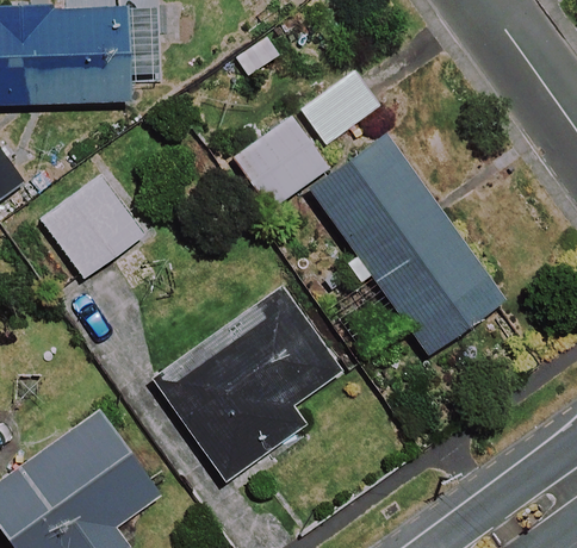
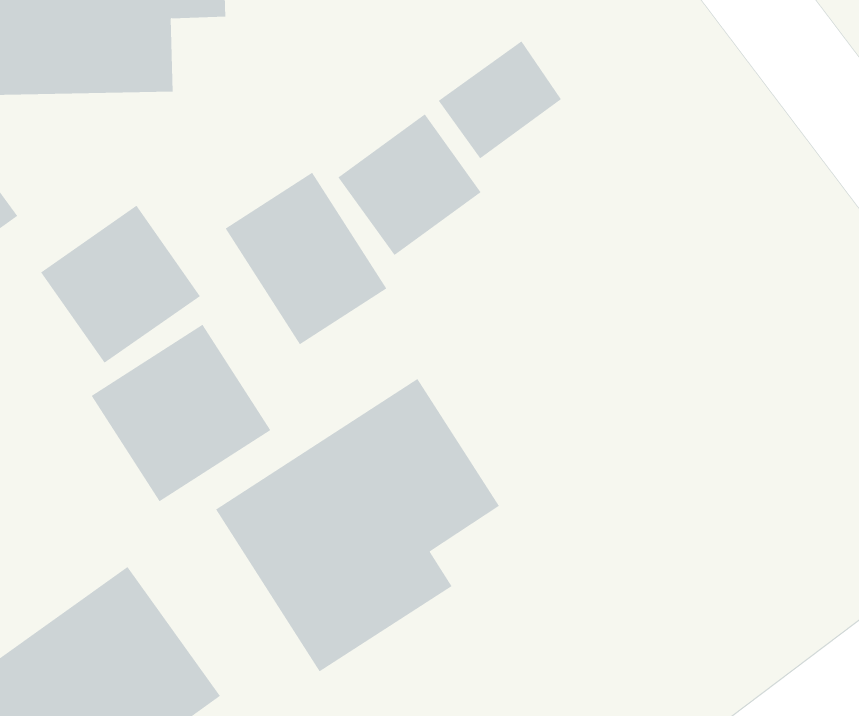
building: [310,132,505,354] -> none
building: none -> [225,172,387,345]
building: none -> [91,324,271,502]

